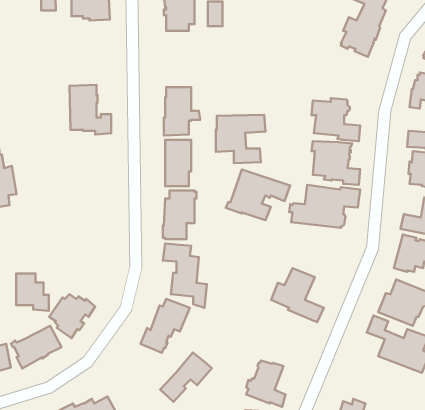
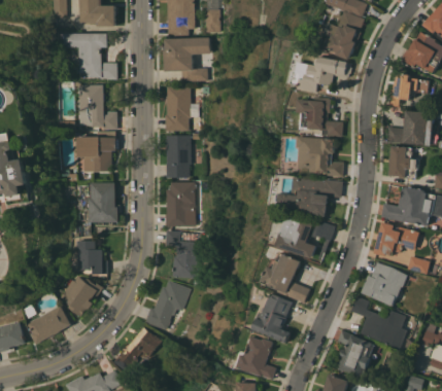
building: none -> [59,34,115,80]
building: none -> [299,58,352,93]
building: [216,115,265,163] -> [164,38,209,82]
building: none -> [75,132,116,173]
building: [226,170,290,220] -> [276,212,335,258]
building: none -> [86,182,116,222]
building: [16,274,49,311] -> [76,241,106,275]
building: none -> [253,293,293,343]
building: [160,352,212,402] -> [111,327,159,372]
building: none -> [332,330,373,377]

